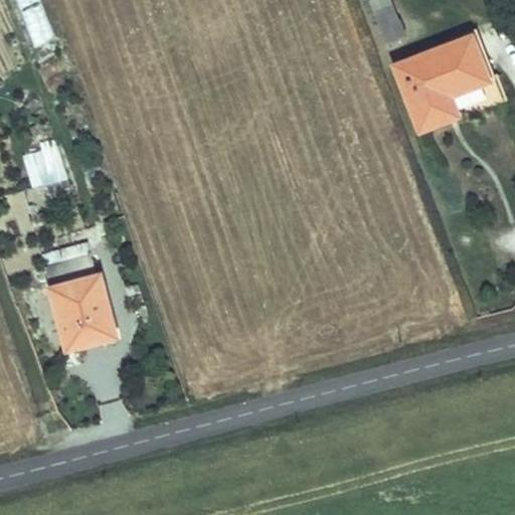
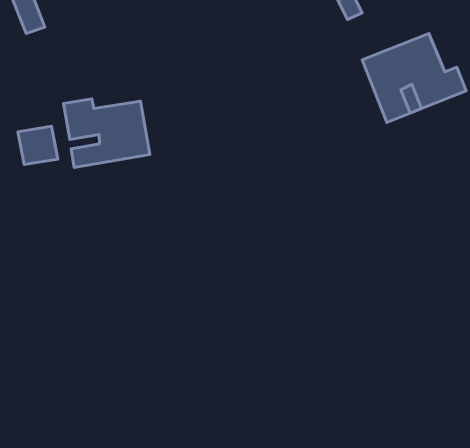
building: none -> [64,99,150,168]
building: [47,231,118,341] -> none

